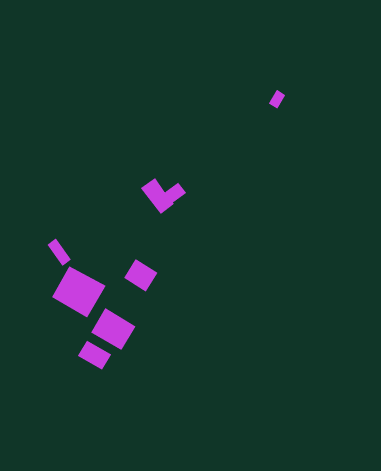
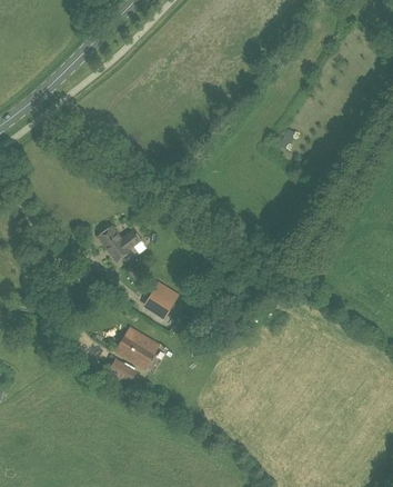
building: [140,177,187,215] -> [98,225,141,259]
building: [51,266,106,318] -> none

